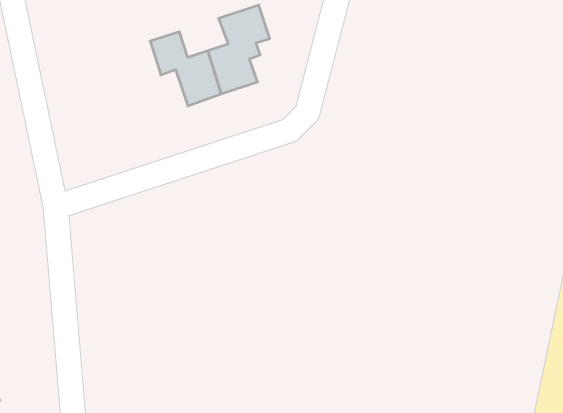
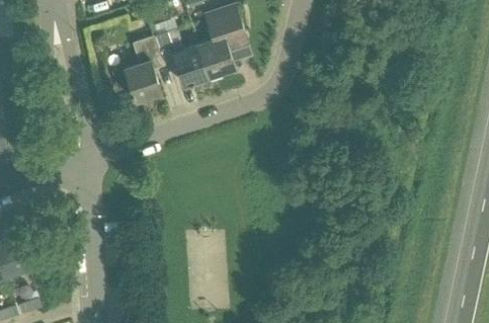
building: none -> [113,36,163,100]

